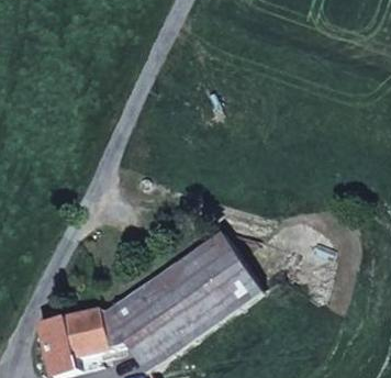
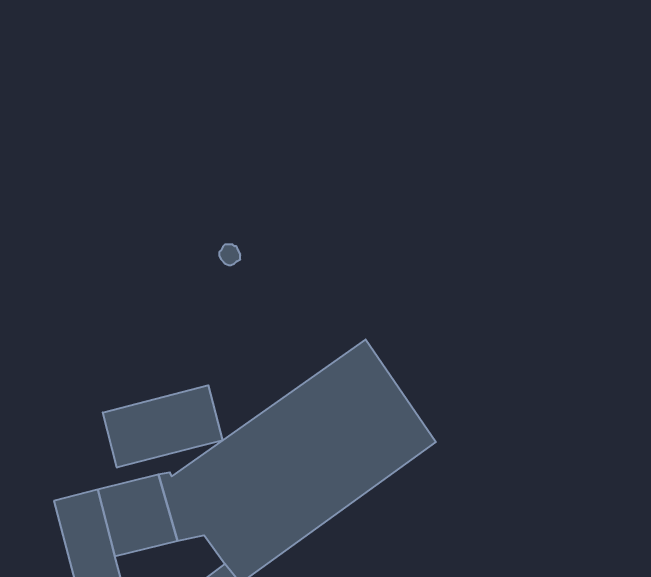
building: none -> [103,385,222,468]

